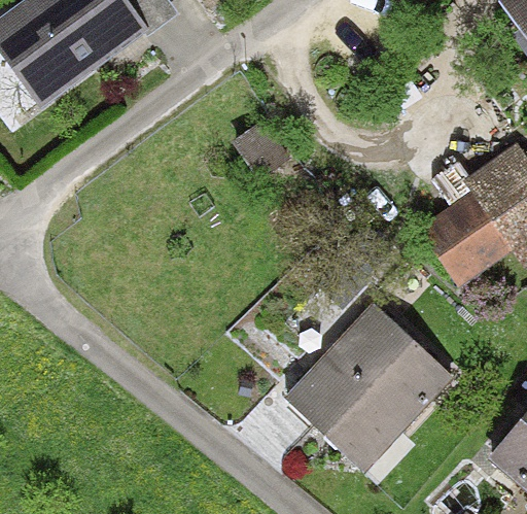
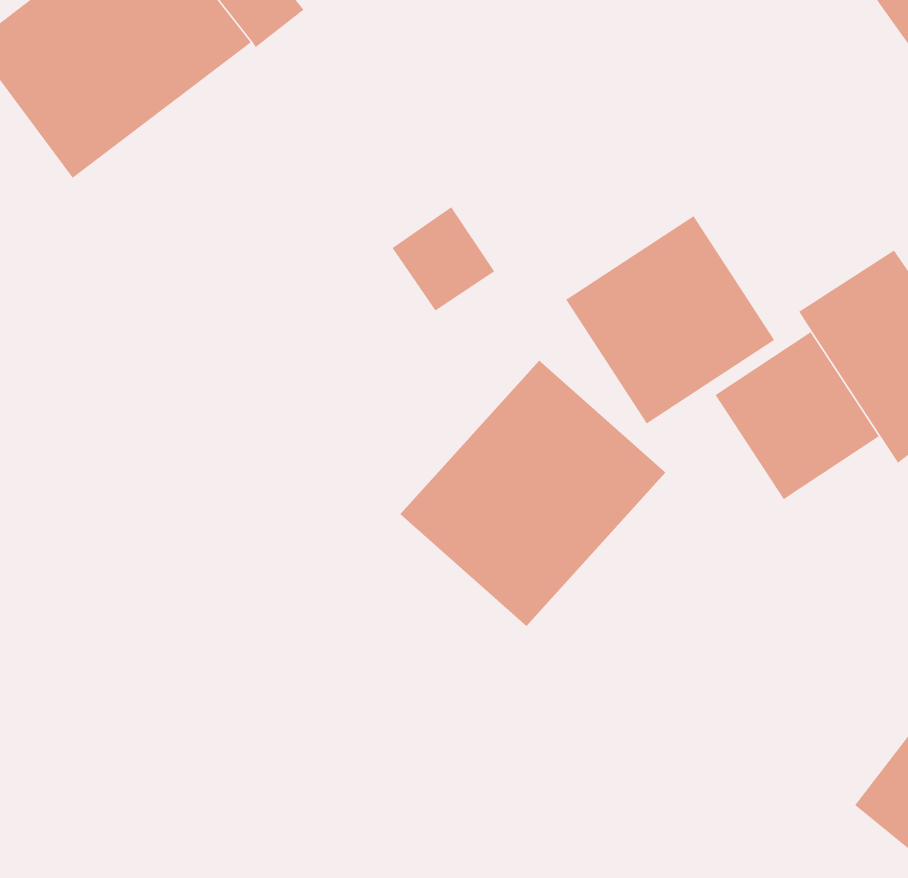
building: none -> [565,215,775,425]
building: [290,311,442,462] -> [400,360,666,627]

